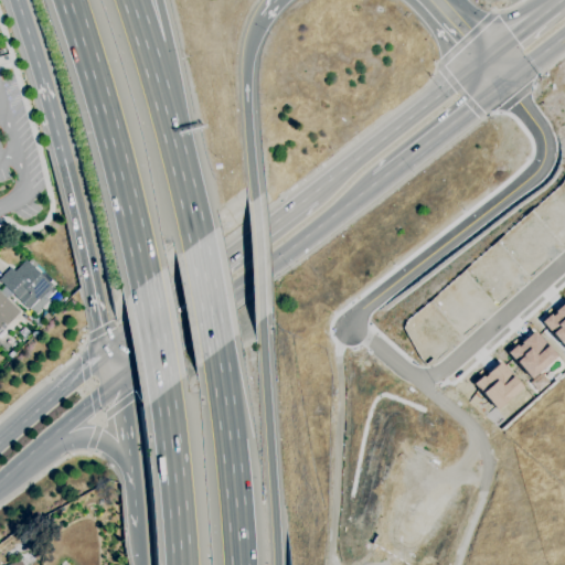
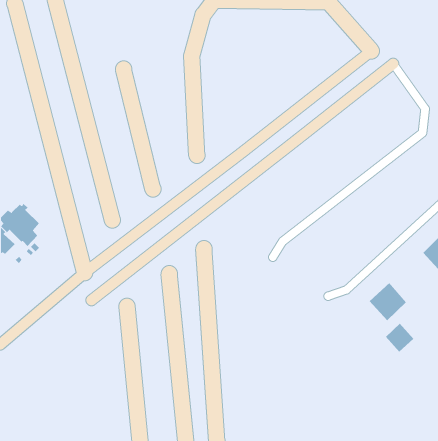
building: [510,331,558,380] -> none
building: none -> [385,323,414,353]

